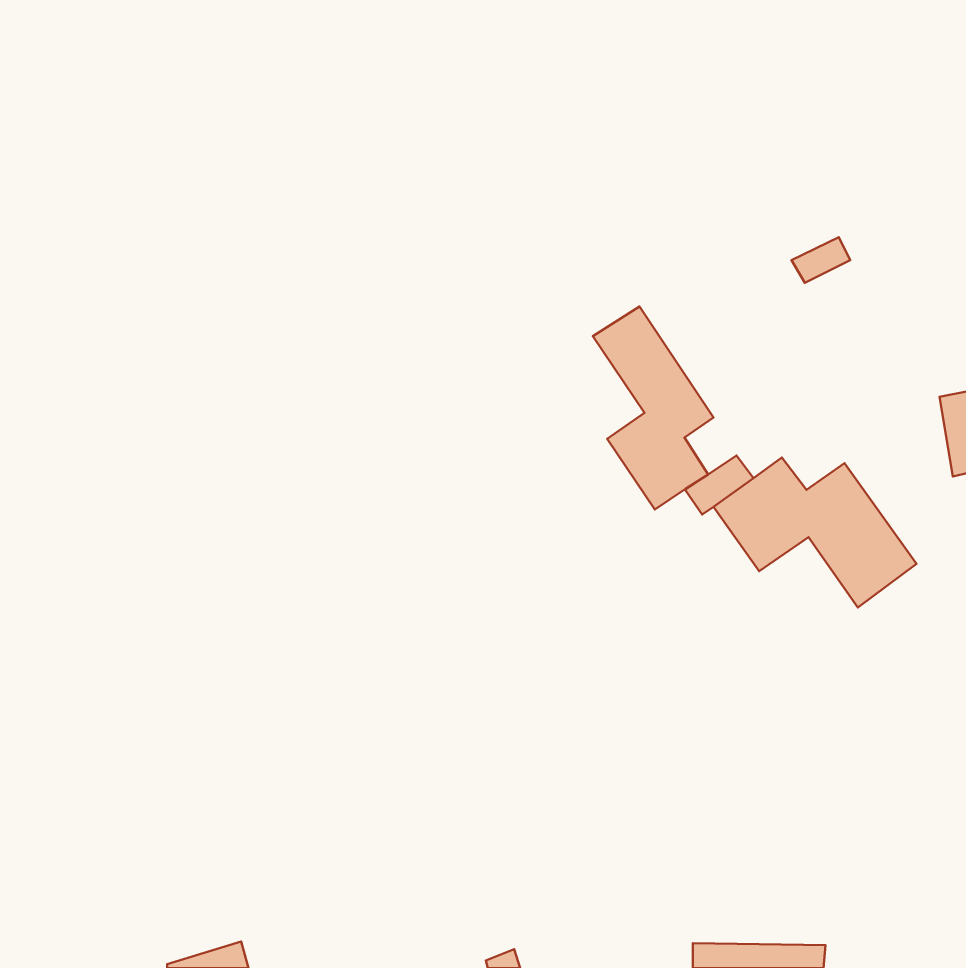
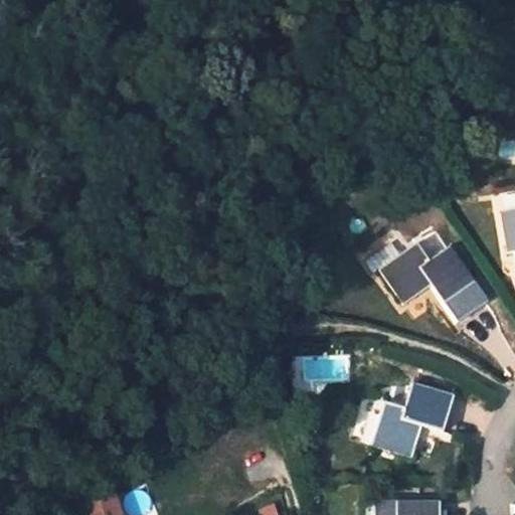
building: [593,307,713,509] -> none
building: none -> [370,382,454,458]

